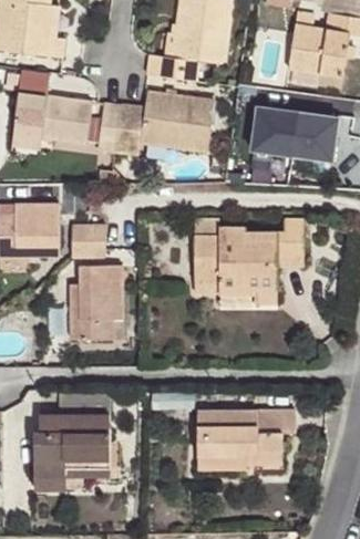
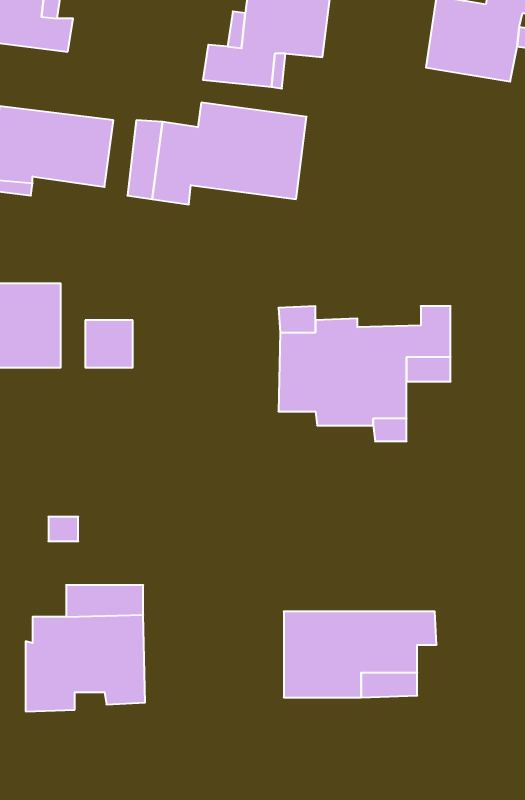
building: [250,103,340,157] -> none
building: [70,268,123,340] -> none
building: [35,463,111,491] -> none

